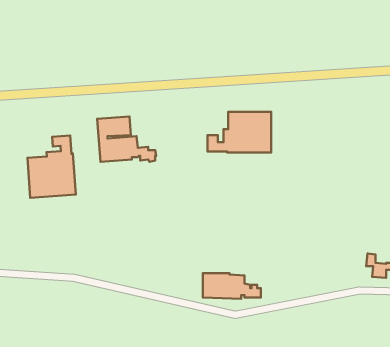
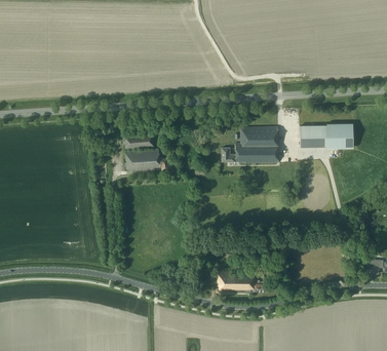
building: none -> [300,125,352,148]
building: [27,135,76,198] -> none

